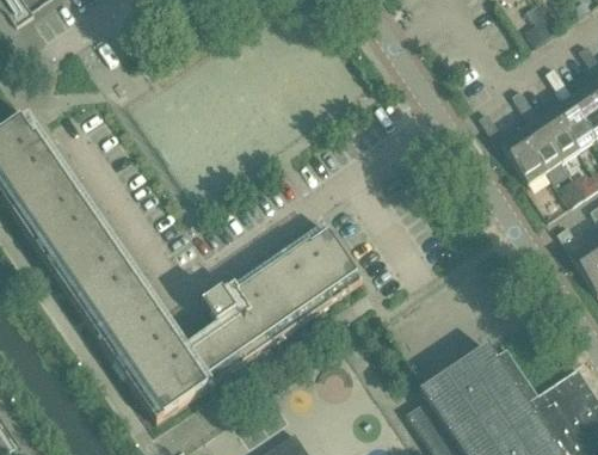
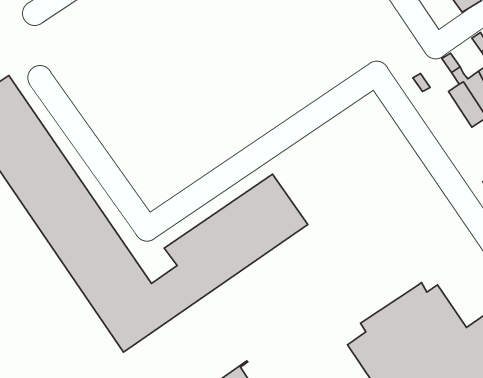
building: [503,133,545,184] -> none

